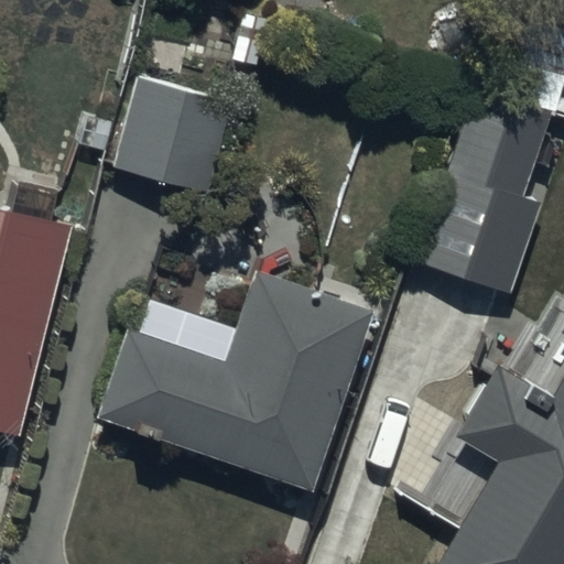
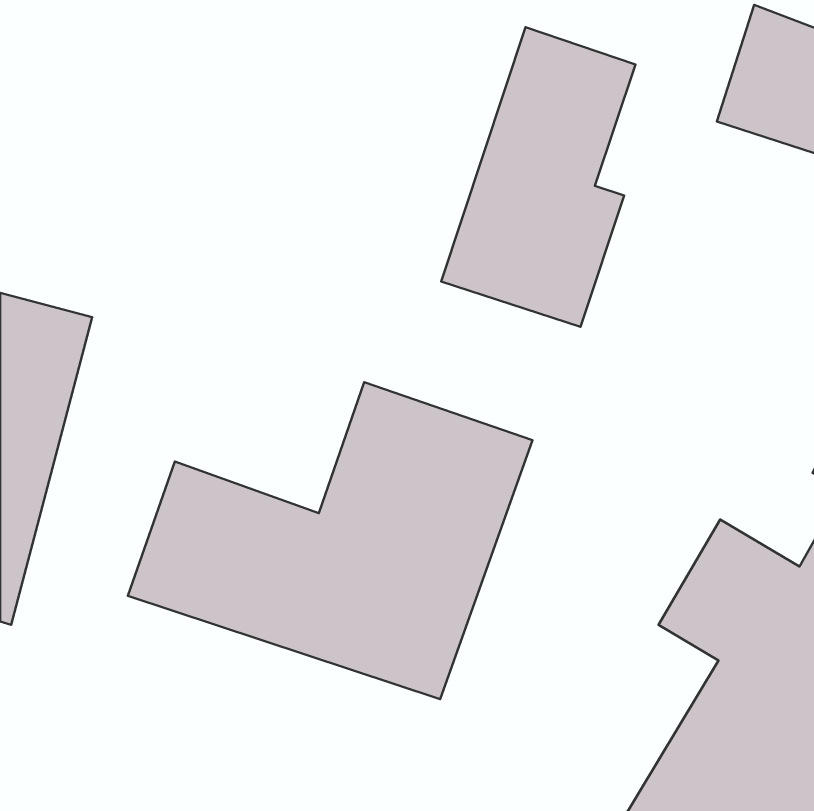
building: [112,79,231,192] -> none
building: [417,90,550,294] -> [441,27,635,327]

